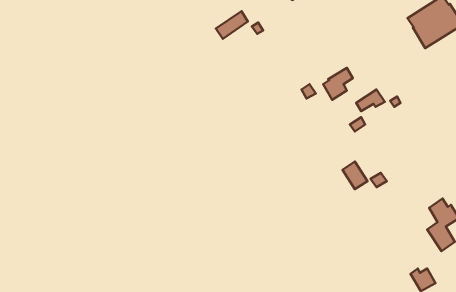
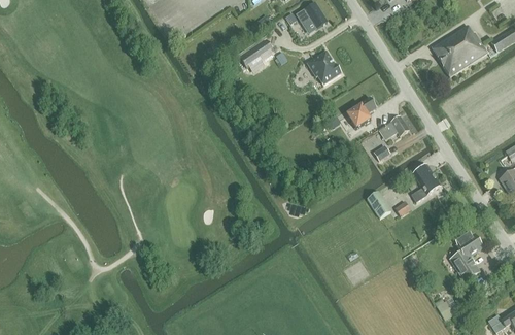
building: none -> [307,52,341,86]
building: none -> [411,164,442,203]

